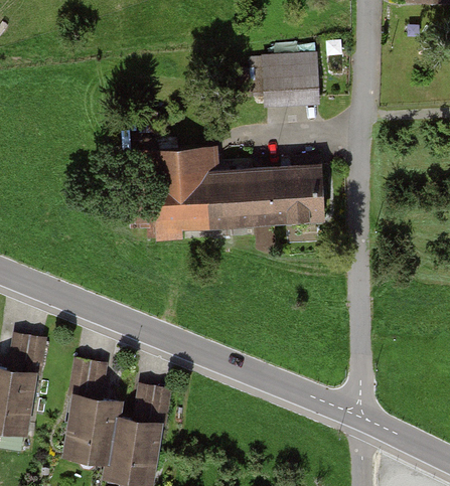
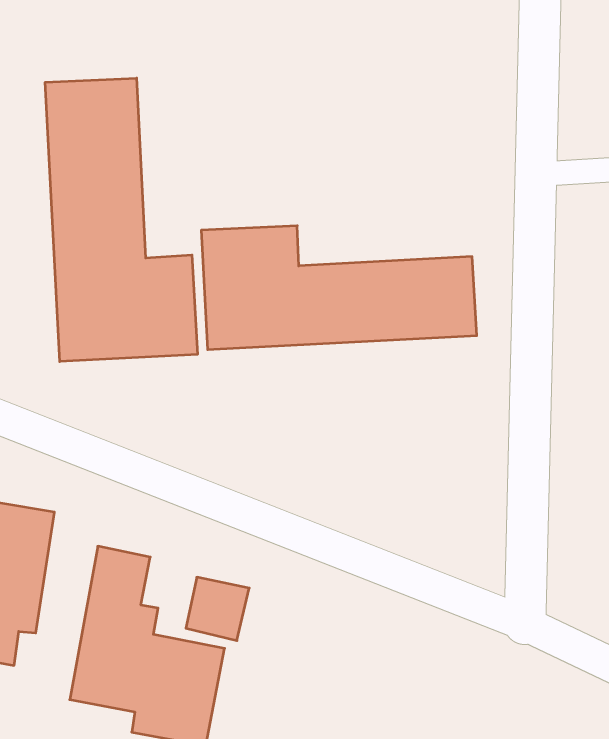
building: none -> [45,78,197,362]
building: [259,56,316,104] -> none

